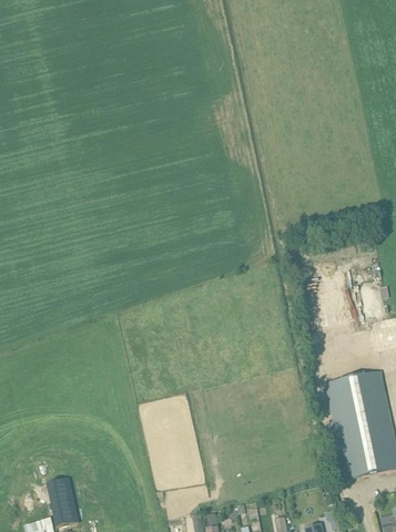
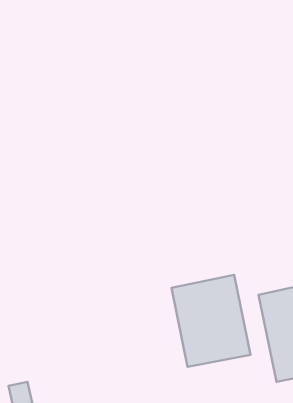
building: none -> [172,275,251,367]

